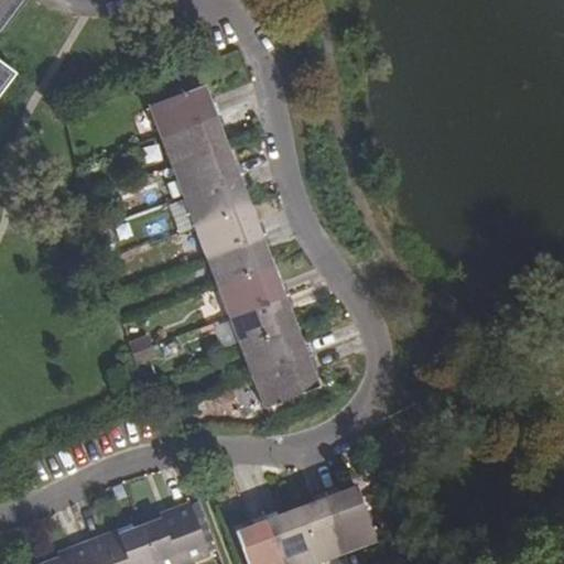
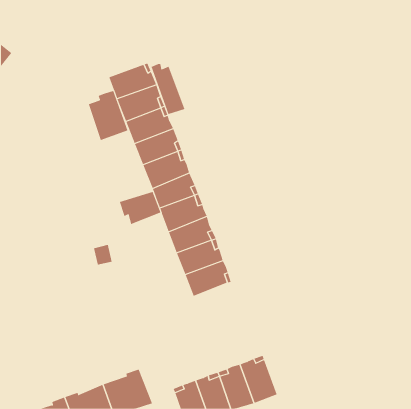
building: none -> [151,63,185,115]
building: none -> [88,90,128,141]
building: none -> [119,191,161,225]

